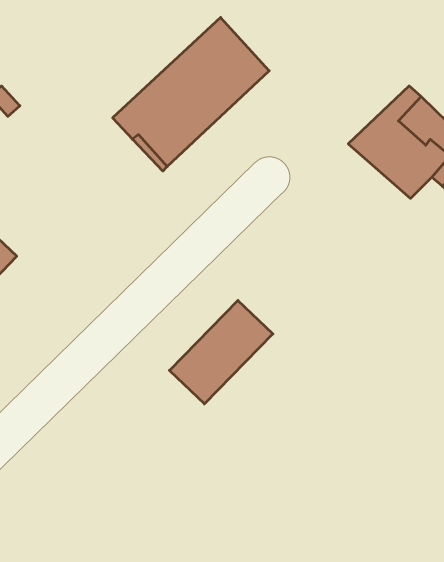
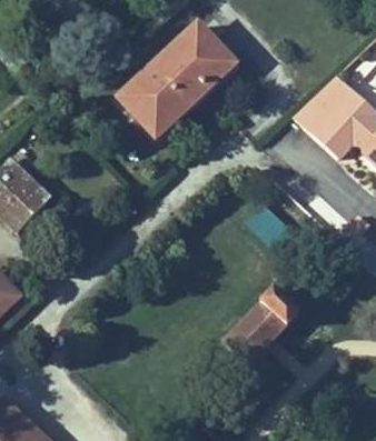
building: [169,300,273,404] -> [224,288,299,363]

